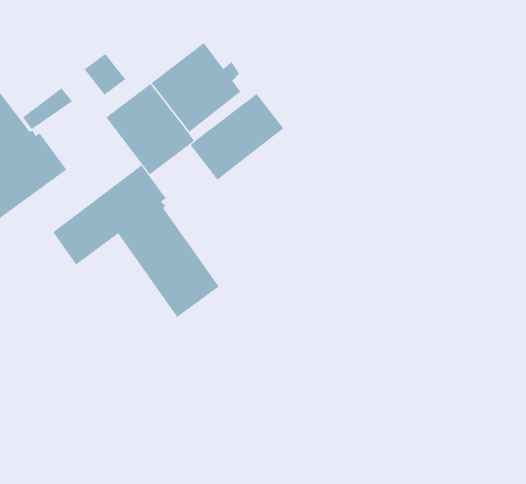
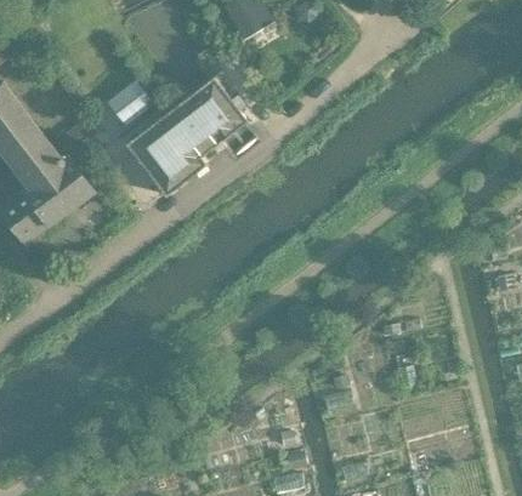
building: [190,93,284,180] -> none
building: [52,165,219,318] -> none

